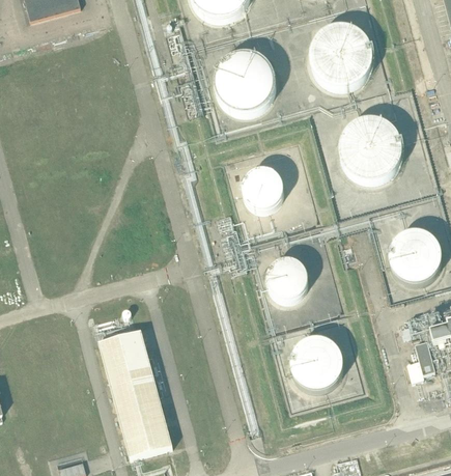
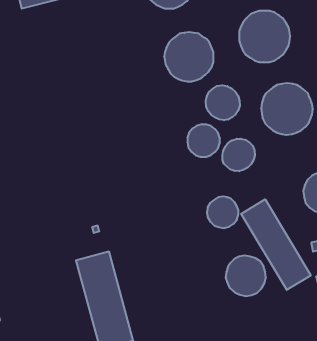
building: none -> [206,85,240,120]
building: none -> [222,139,255,171]
building: none -> [241,199,311,290]

